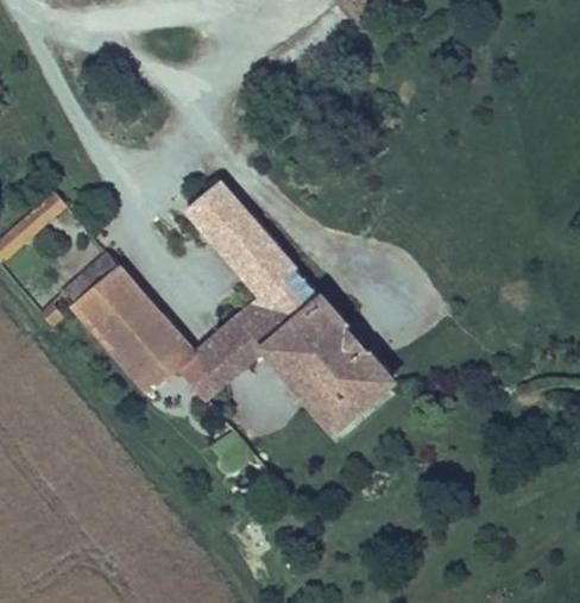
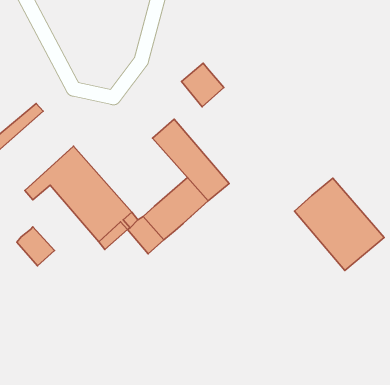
building: [187,181,245,240] -> [181,63,224,107]
building: [267,302,390,428] -> [295,178,384,270]
building: none -> [17,227,55,266]

